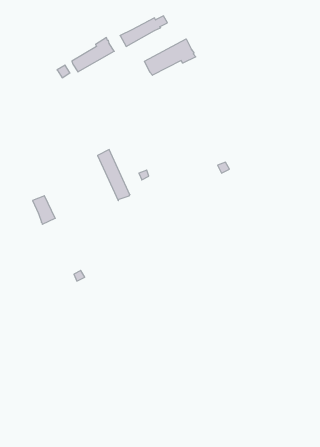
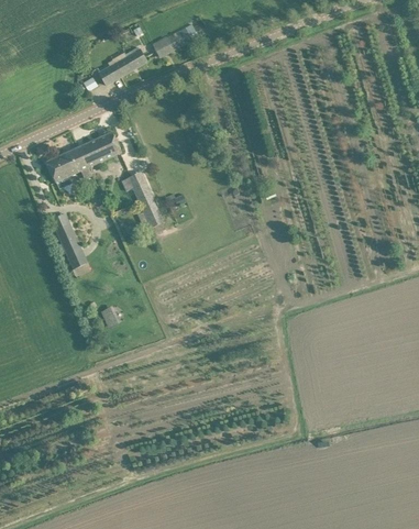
building: [145,39,196,75] -> none
building: none -> [45,133,120,183]

